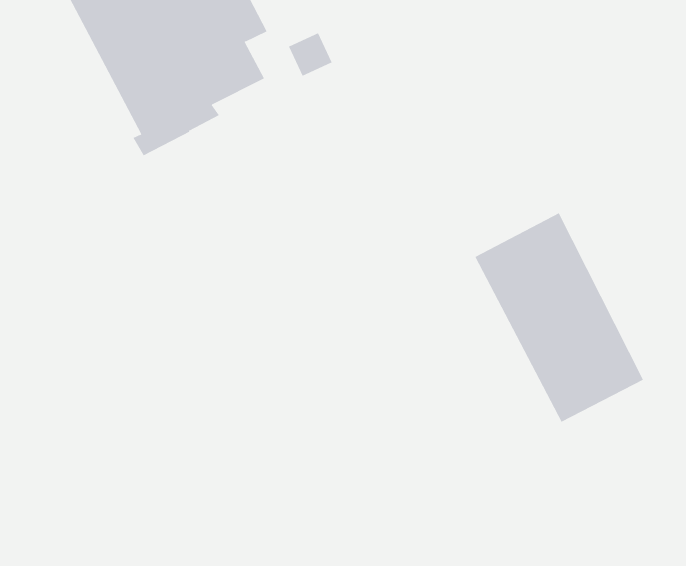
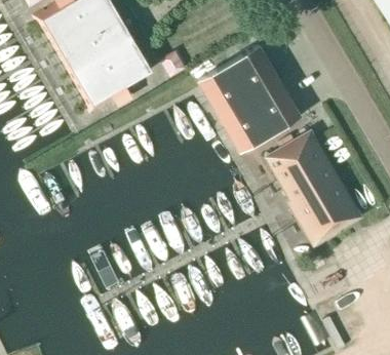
building: none -> [197,45,300,152]

